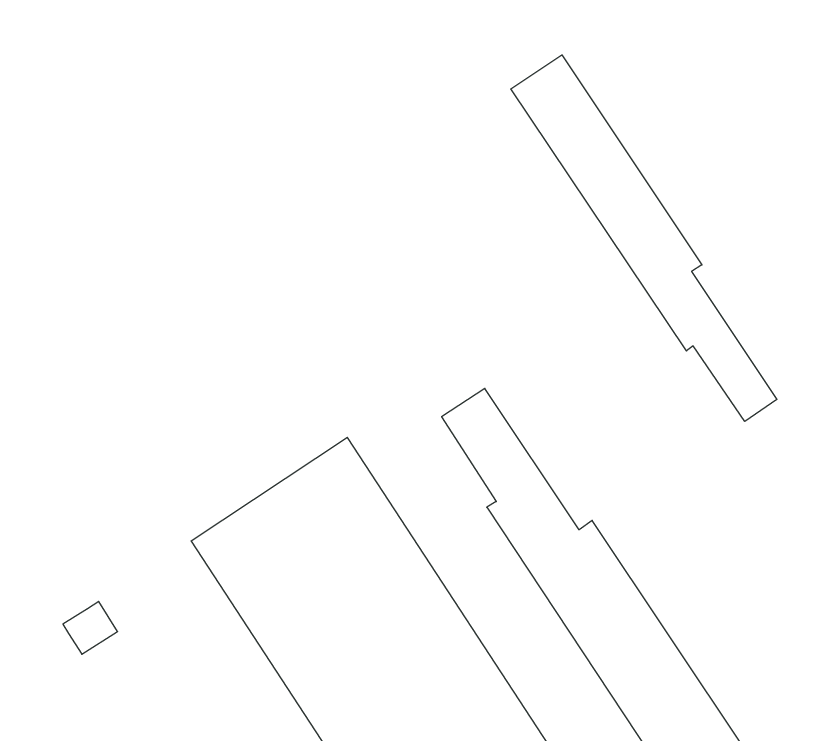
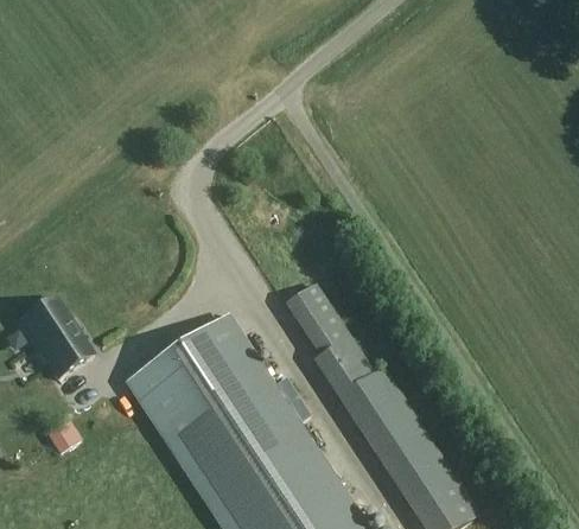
building: [511,55,777,421] -> none
building: none -> [19,295,93,375]

